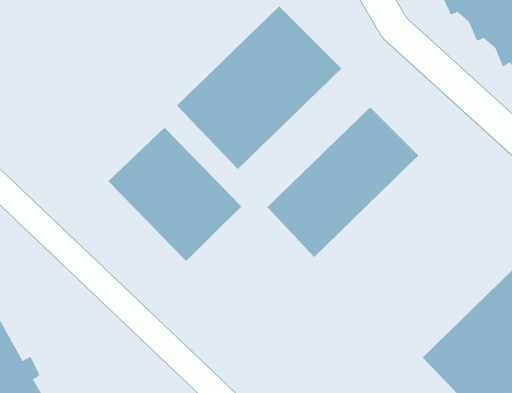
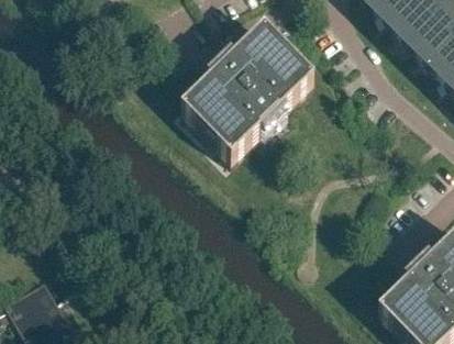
building: [266,106,419,258] -> none
building: [107,127,242,262] -> none

